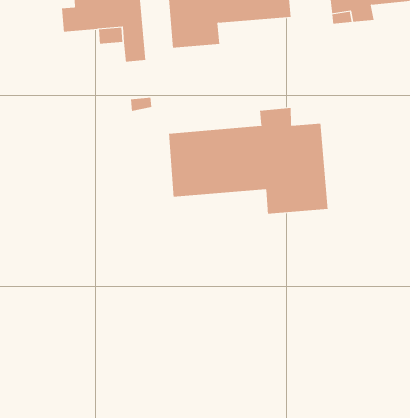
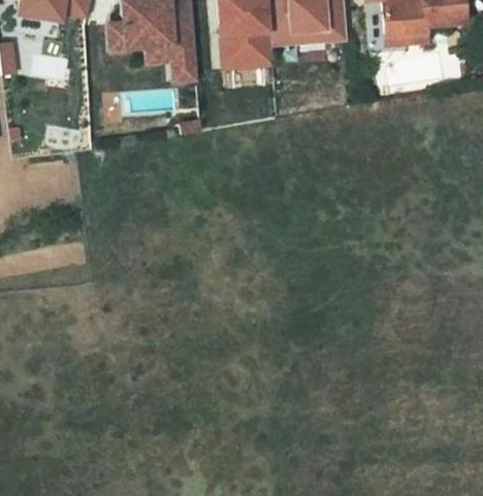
building: [168,107,328,215] -> none

